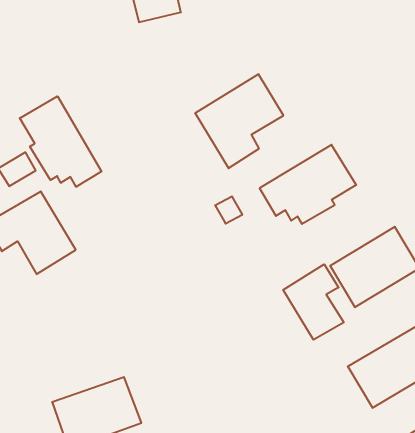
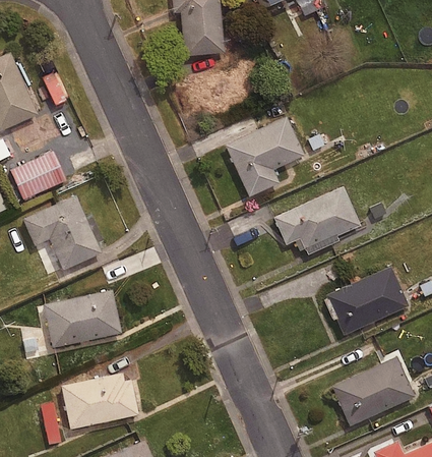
building: [20,96,101,187] -> none
building: [283,264,344,340] -> none
building: none -> [45,290,121,347]

